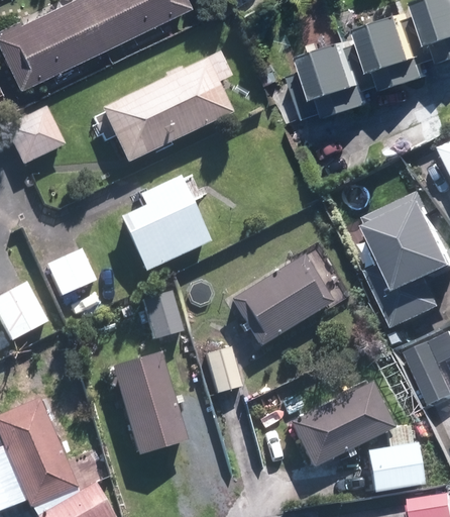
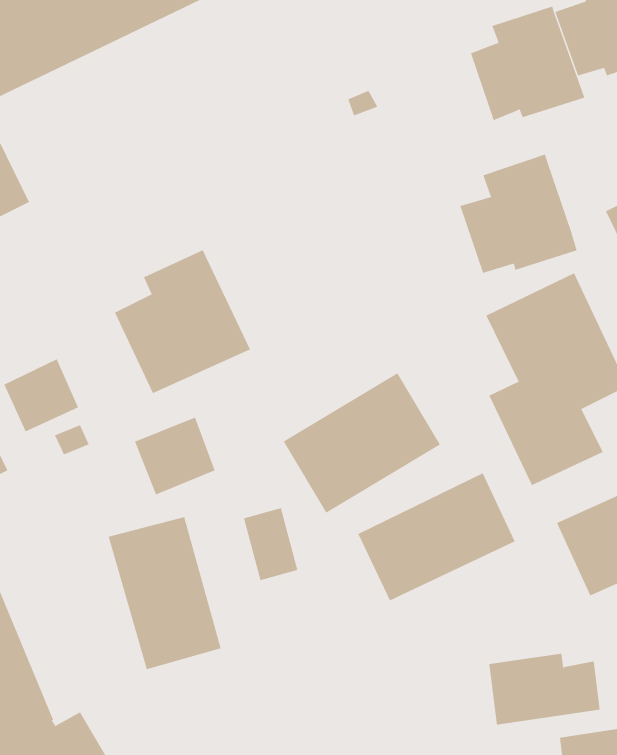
building: [293,41,370,120] -> [459,154,578,273]
building: [96,55,228,168] -> none
building: [287,384,390,469] -> [357,472,515,601]

